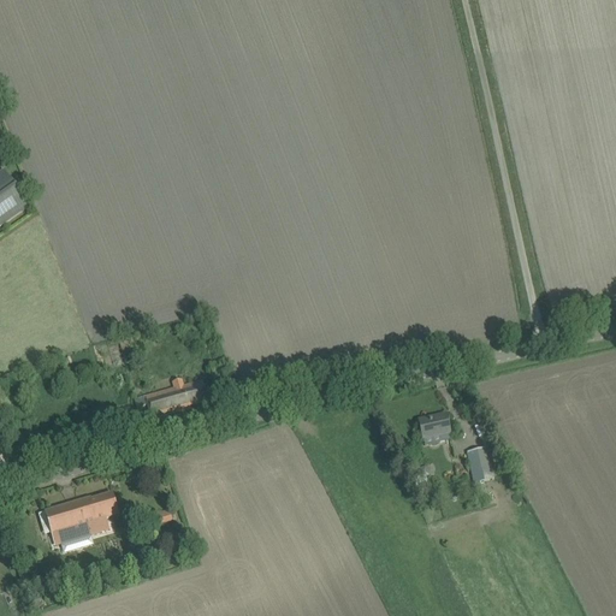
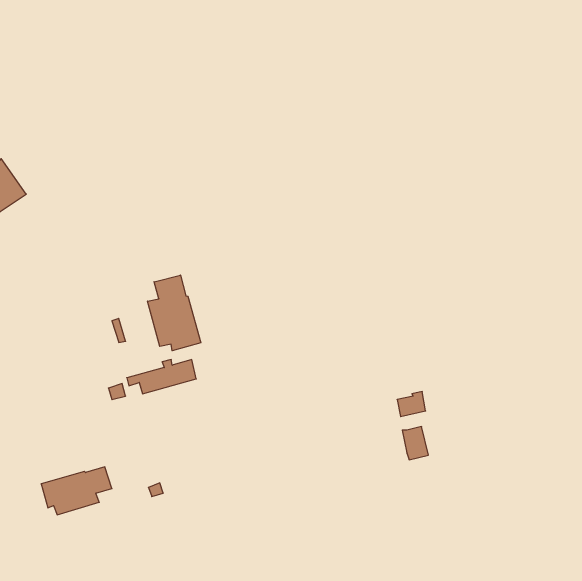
building: none -> [148,275,201,351]
building: [466,448,493,482] -> [402,427,428,460]

